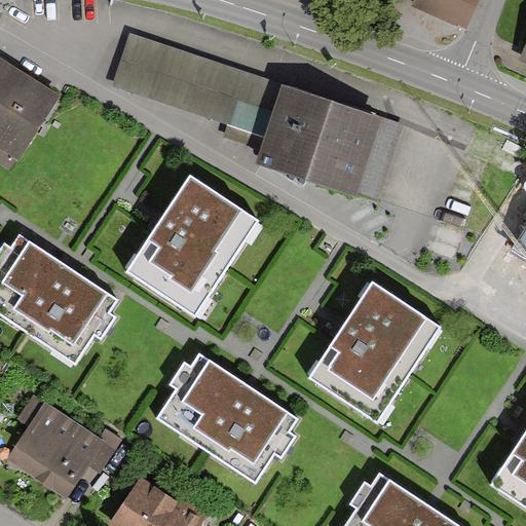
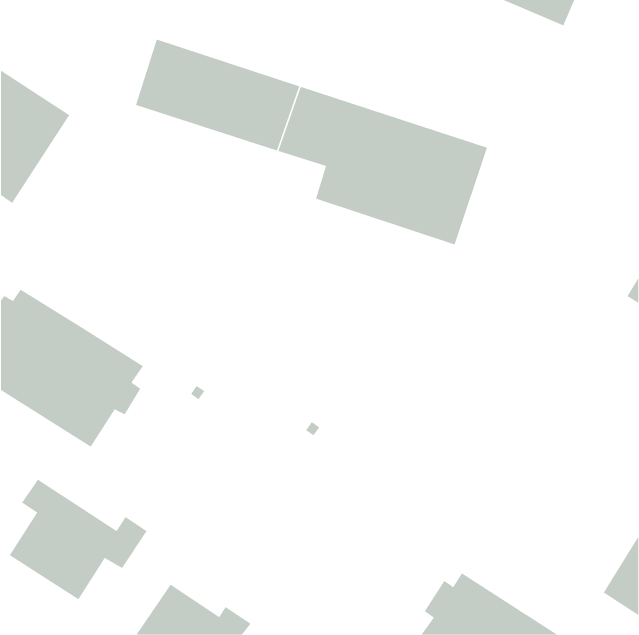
building: [134,179,261,314] -> none
building: [309,280,442,422] -> none
building: [155,353,300,484] -> none

